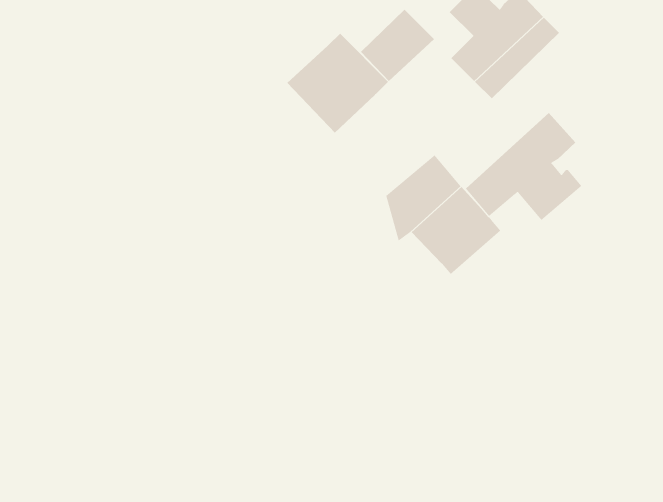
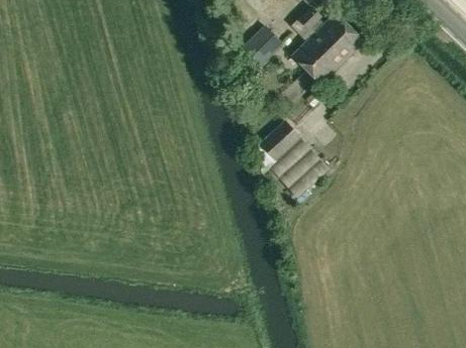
building: [287,33,389,134] -> none
building: [465,112,582,221] -> none

